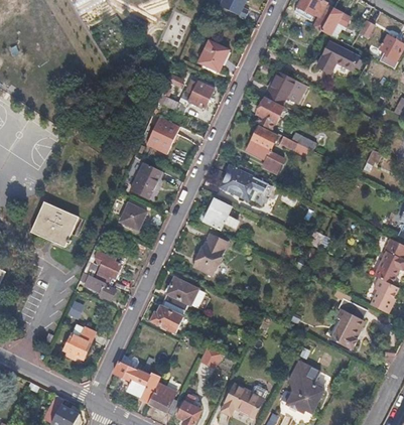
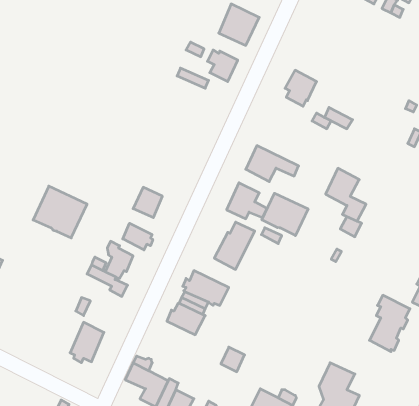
building: [317,42,366,73] -> none
building: [266,70,307,105] -> none
building: [146,116,179,154] -> none
building: [248,126,284,173] -> [326,168,366,221]
building: [131,163,161,198] -> none
building: none -> [262,193,308,236]
building: none -> [123,223,153,250]

